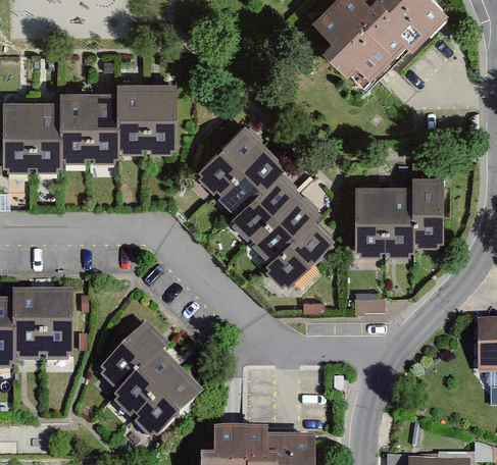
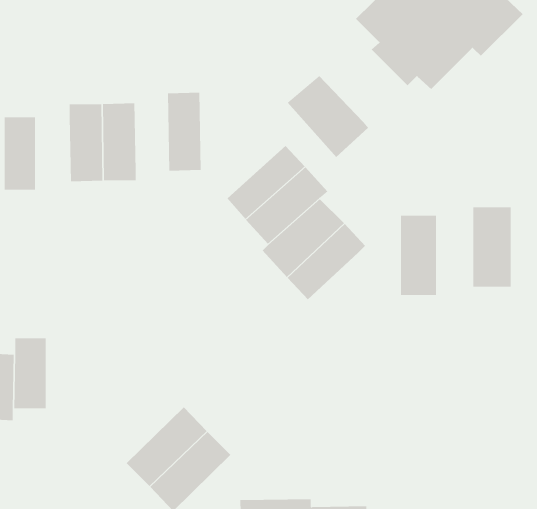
building: none -> [287,75,369,158]
building: [118,82,147,149] -> none
building: [33,102,62,165] -> none
building: [379,187,409,257] -> none
building: [263,219,334,289] -> none
building: [42,293,67,355] -> none
building: [96,325,166,395] -> none

